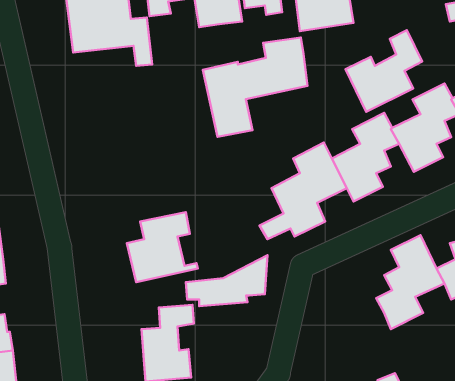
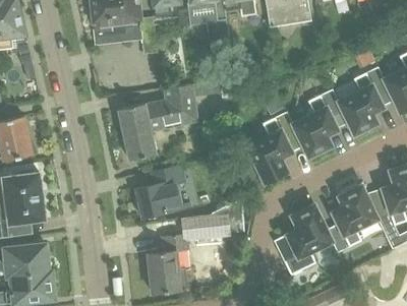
building: [345,30,422,112] -> none
building: [203,38,307,137] -> [118,84,197,160]
building: none -> [274,204,332,276]

